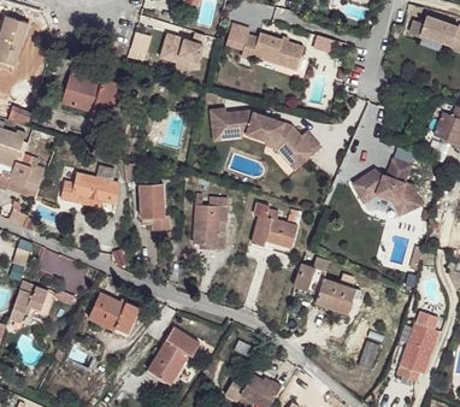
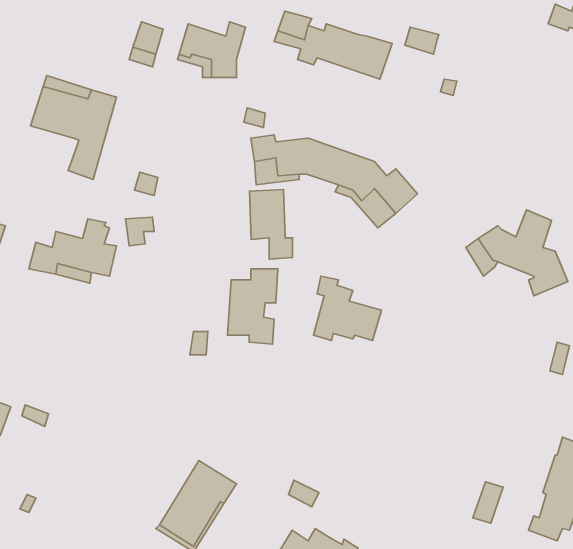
building: [140,183,169,230] -> [249,189,292,259]
building: [294,256,361,312] -> none
building: [88,290,140,332] -> none

